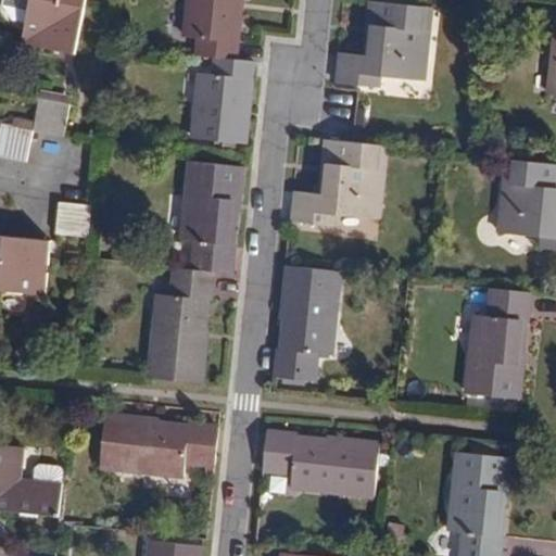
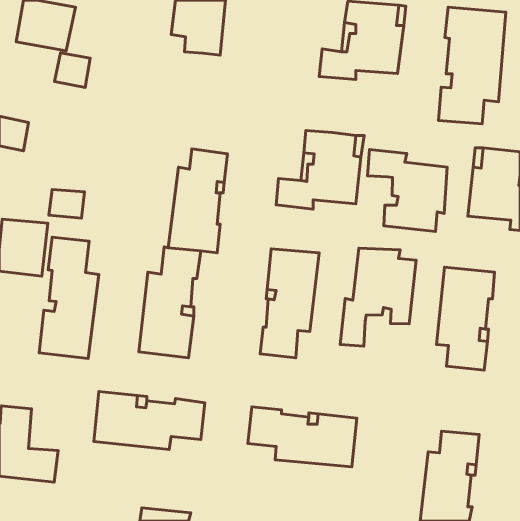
building: none -> [439,7,506,124]
building: [191,56,253,141] -> none
building: [30,100,68,137] -> [54,53,90,88]
building: none -> [368,149,447,232]
building: none -> [39,237,99,358]
building: none -> [340,248,416,346]

